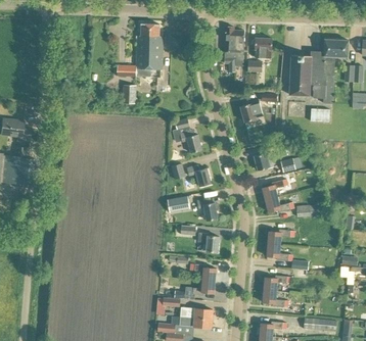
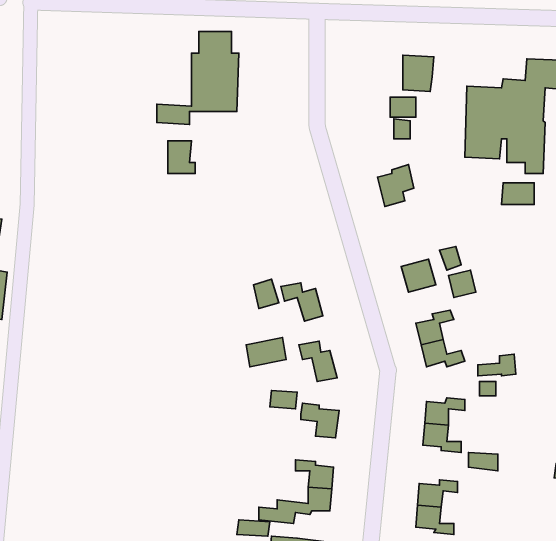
building: [224,27,243,72] -> none
building: [172,118,201,153] -> none

